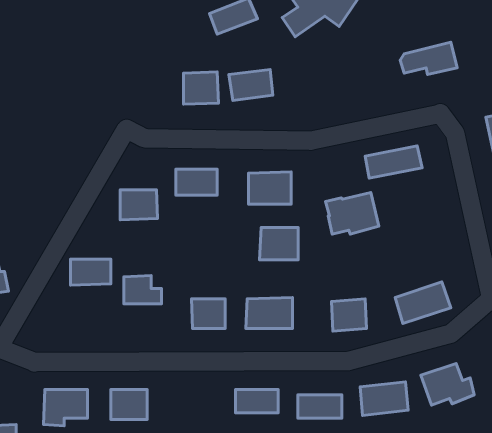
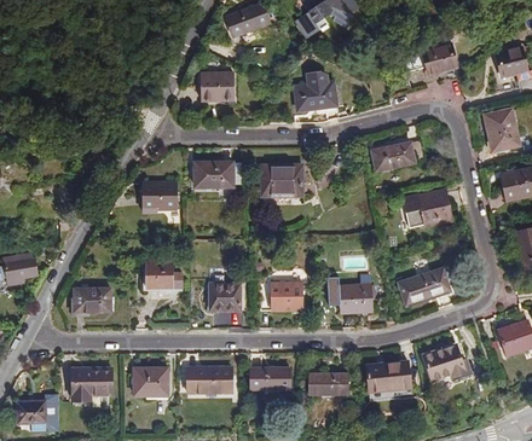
building: [229,69,273,100] -> [295,81,336,110]
building: [326,193,379,234] -> [403,188,452,227]
building: [260,227,298,260] -> none
building: [71,259,111,285] -> [74,288,111,312]
building: none -> [187,365,232,393]

